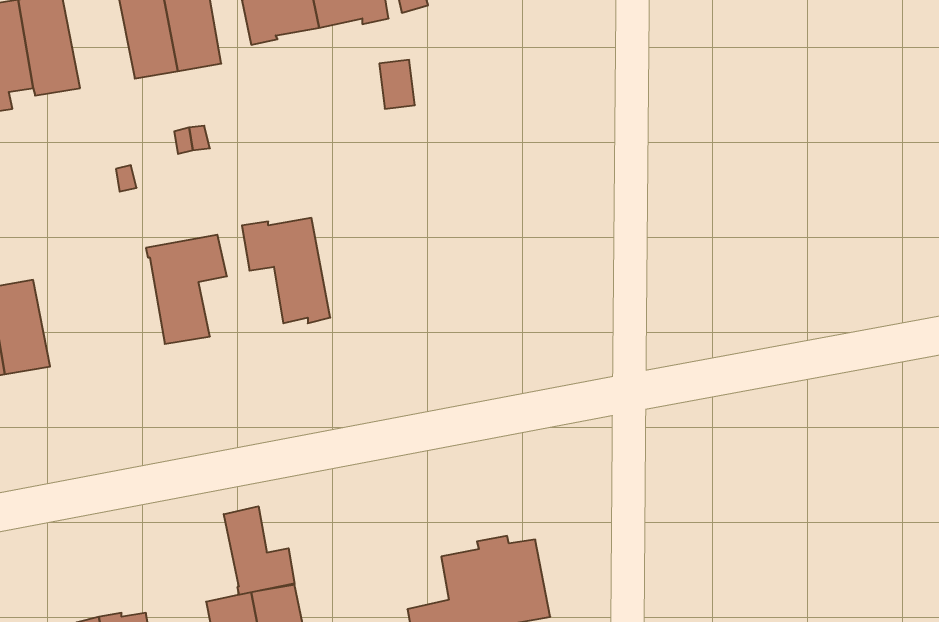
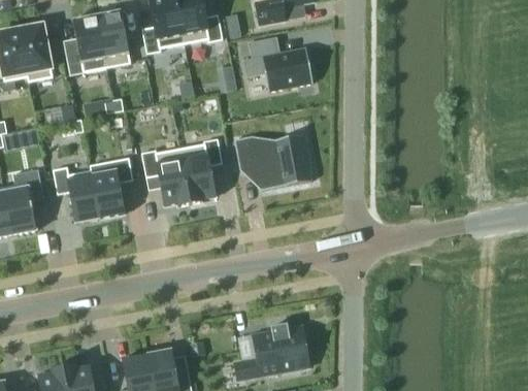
building: none -> [242,36,312,91]
building: none -> [233,134,311,190]
building: none -> [179,138,222,203]
building: none -> [53,167,99,223]
building: [224,506,294,595] -> none

